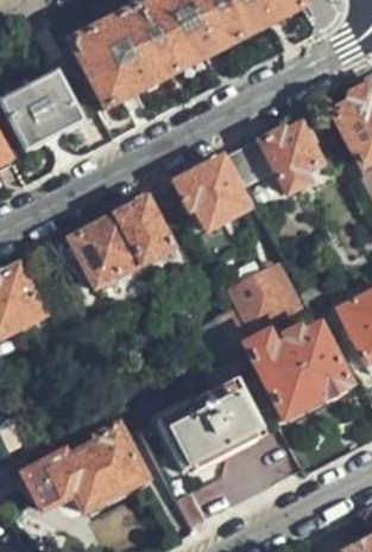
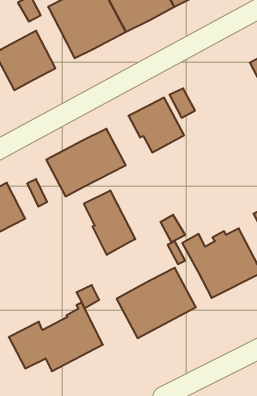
building: [264,121,321,188] -> none
building: [234,262,303,329] -> none
building: none -> [84,190,135,255]

